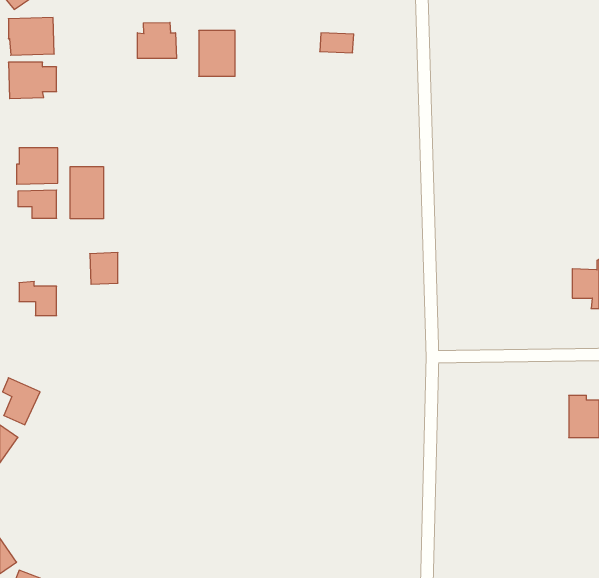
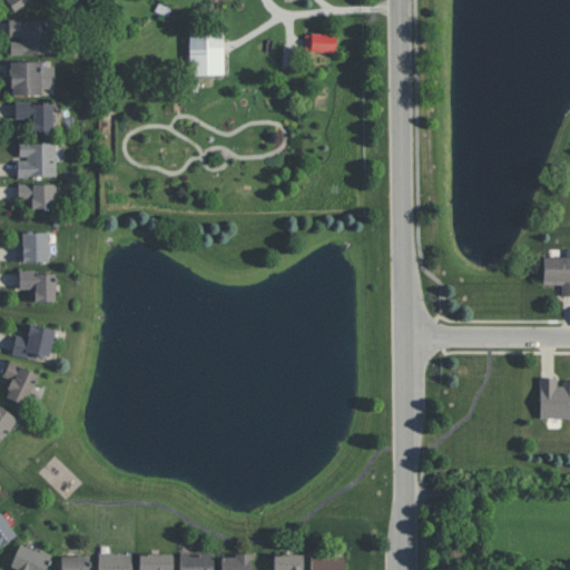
building: [137,22,177,58] -> none
building: none -> [14,102,53,131]
building: [70,167,103,219] -> none
building: [90,253,118,284] -> [21,232,48,262]
building: none -> [11,324,55,360]

